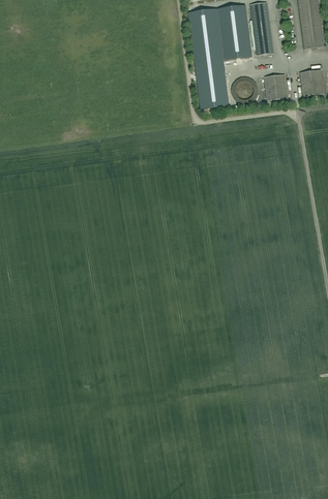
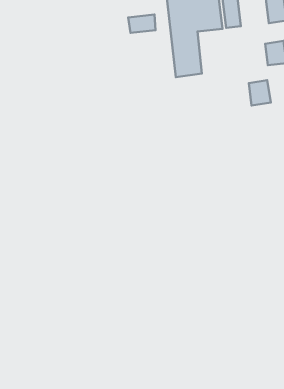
building: none -> [128,14,156,33]
building: [263,72,288,100] -> [249,80,271,105]

